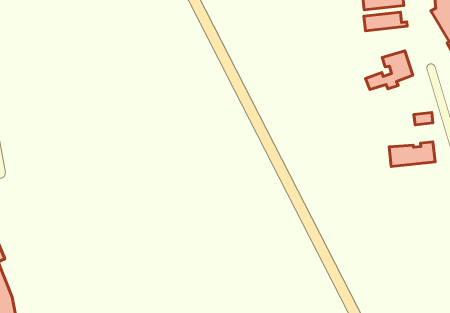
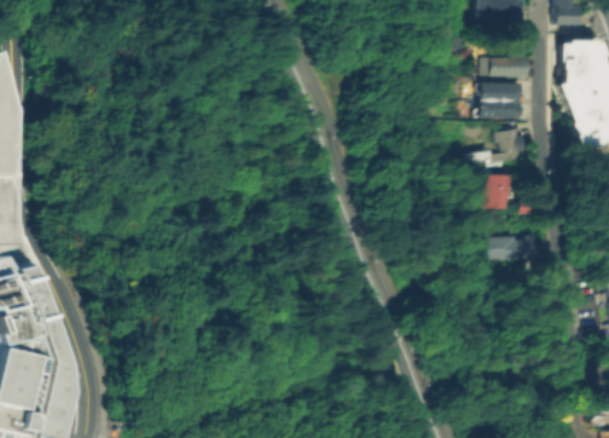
building: none -> [477,99,526,117]
building: none -> [489,173,511,208]

